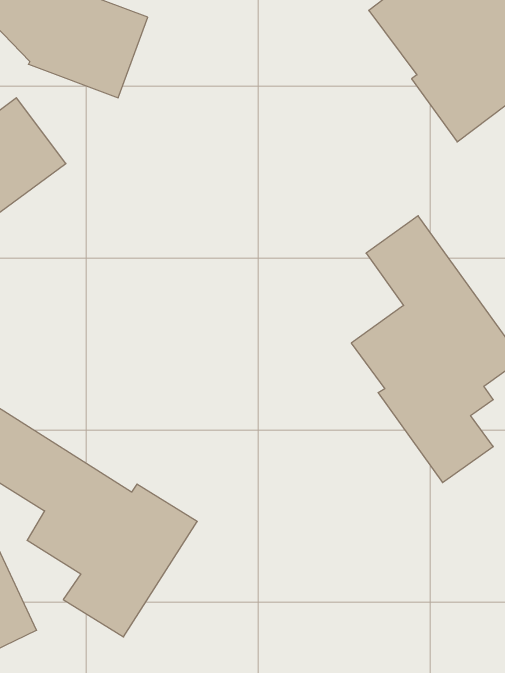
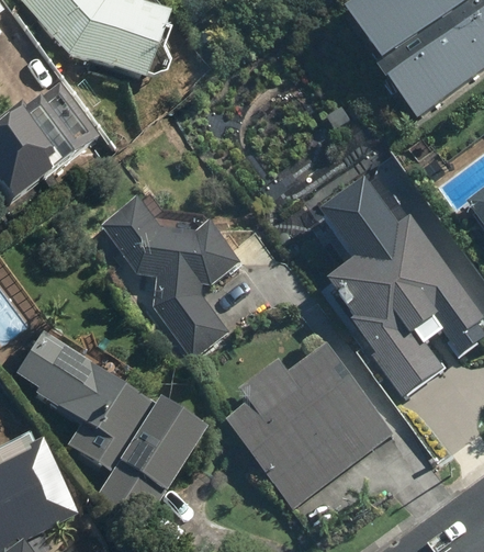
building: none -> [104,199,243,356]
building: none -> [228,343,395,507]

